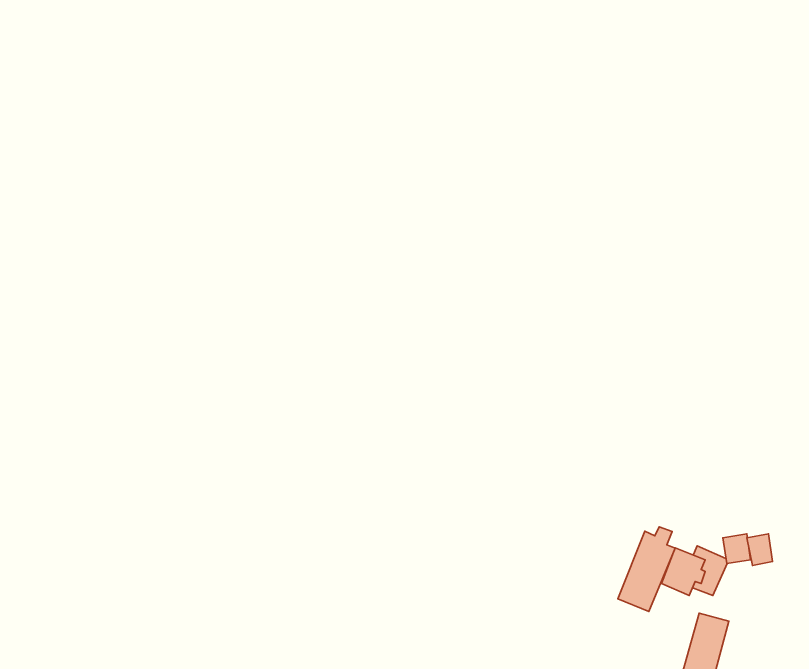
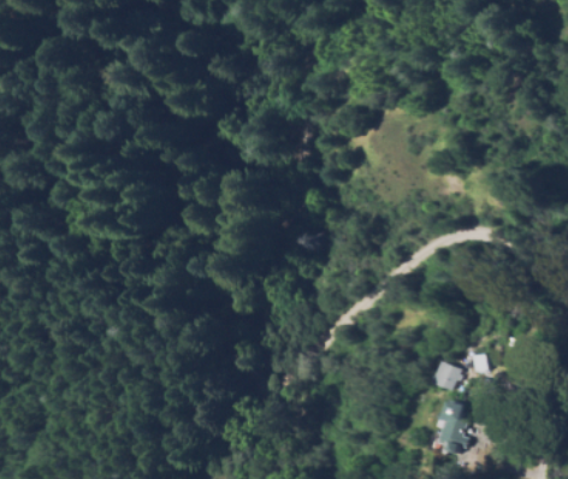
building: [618,527,675,612] -> none

